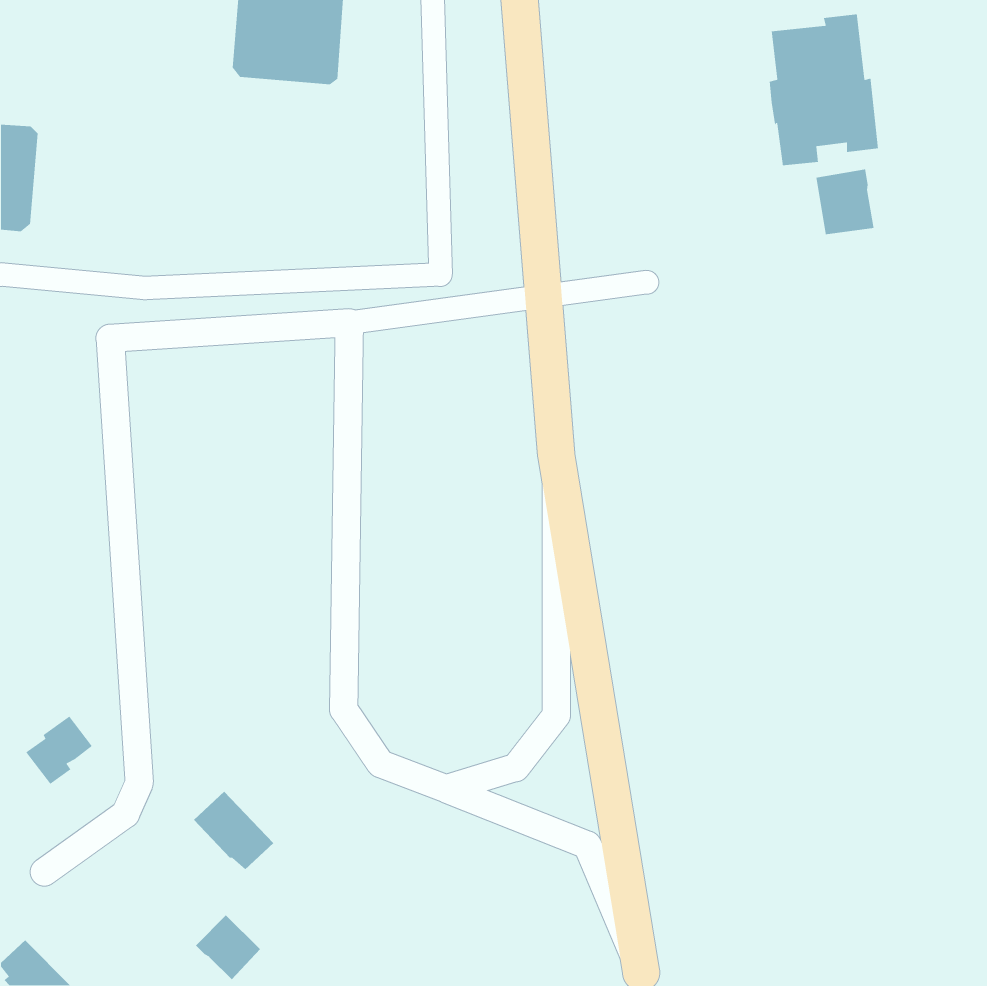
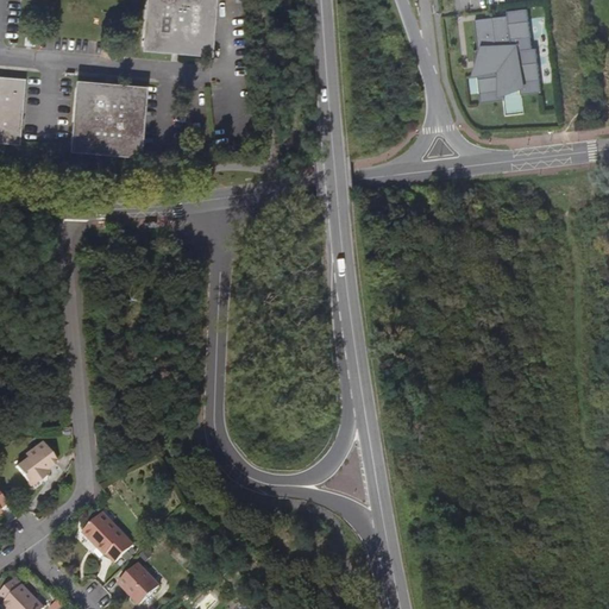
building: none -> [71,83,142,153]
building: [816,169,874,235] -> none
building: [193,791,274,870] -> [84,513,134,561]

